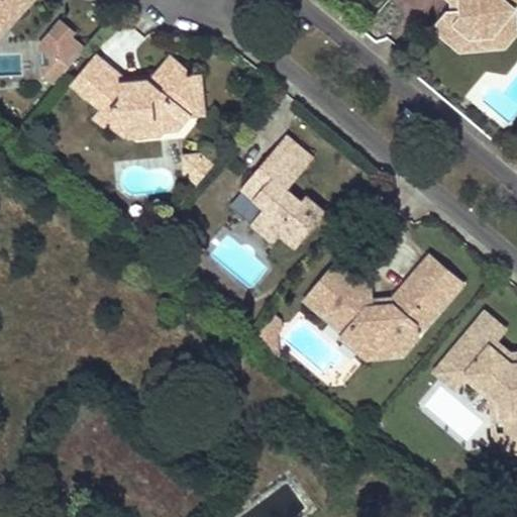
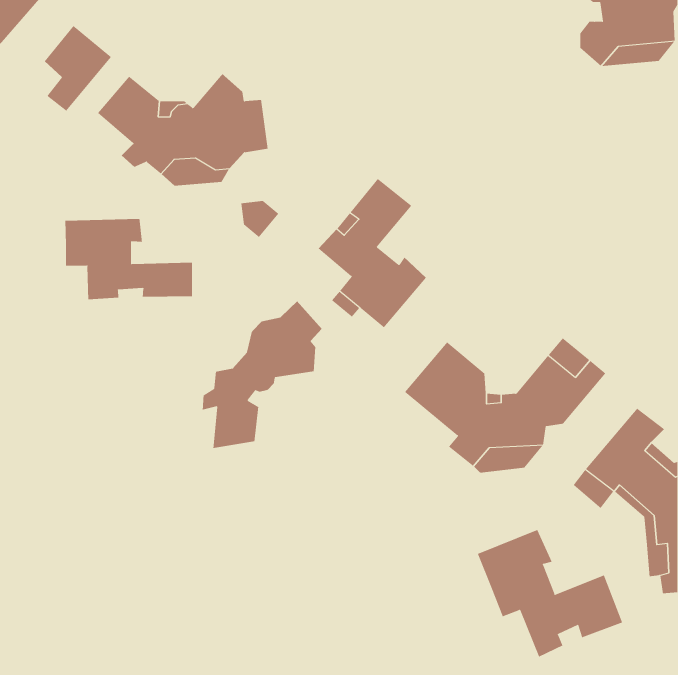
building: none -> [65,218,193,300]
building: none -> [202,301,323,449]
building: none -> [477,529,623,657]

